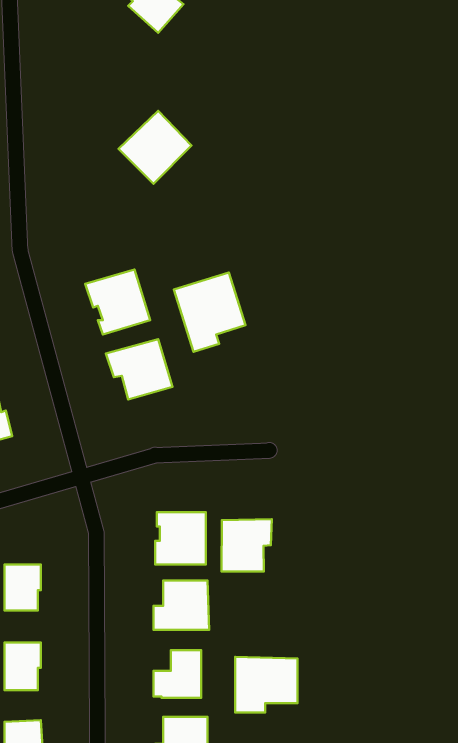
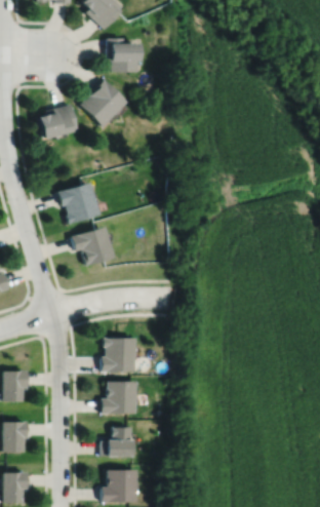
building: none -> [106,37,136,72]
building: none -> [35,104,77,138]
building: [174,272,245,352] -> none
building: [221,519,272,571] -> none
building: [235,657,298,713] -> none

